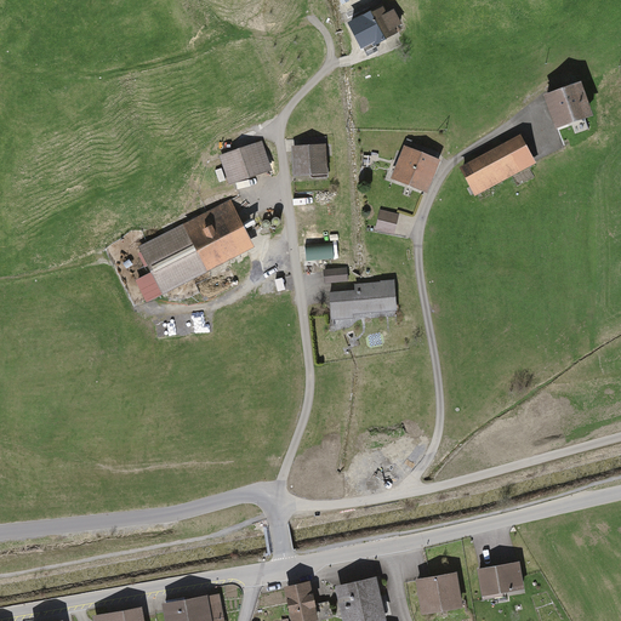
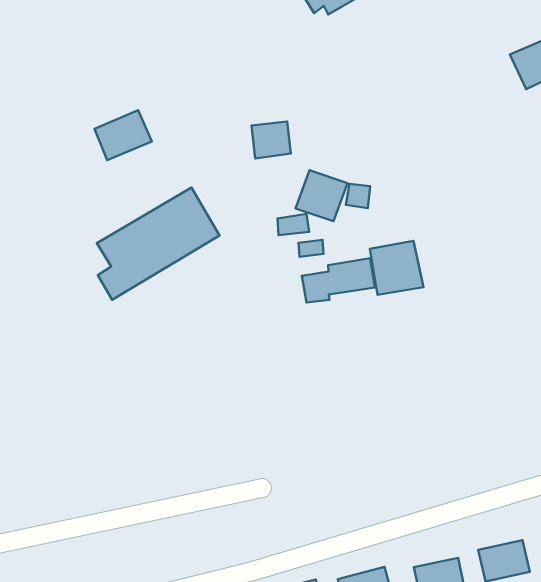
building: [456,135,531,195] -> none
building: [217,141,270,186] -> [95,110,152,160]
building: [387,146,438,195] -> [295,170,348,221]
building: none -> [370,241,423,295]

